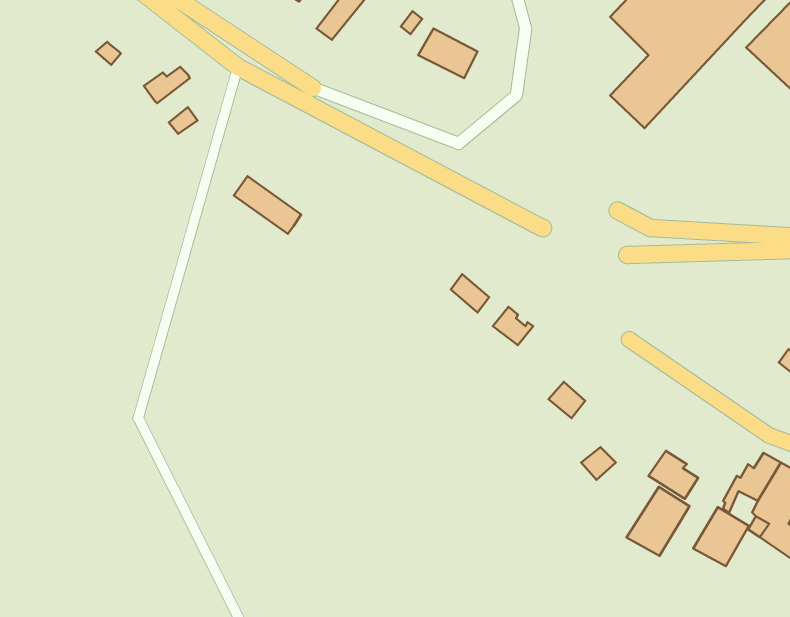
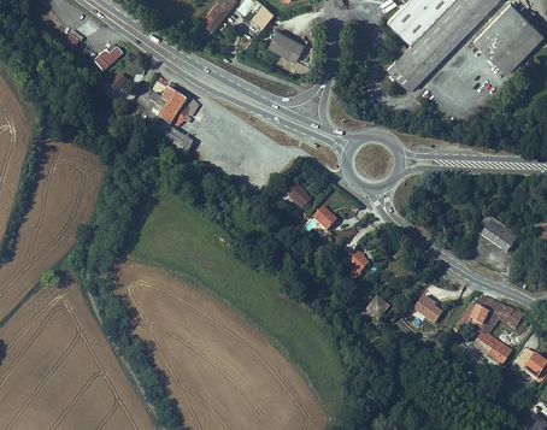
building: none -> [152,87,193,129]
building: [627,487,690,556] -> none
building: [693,507,749,566] -> none

